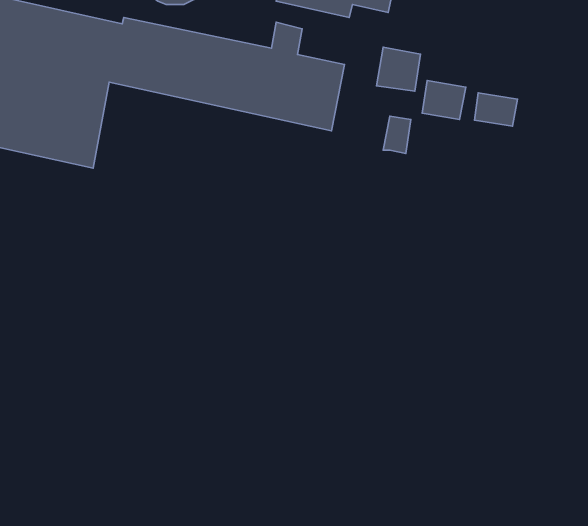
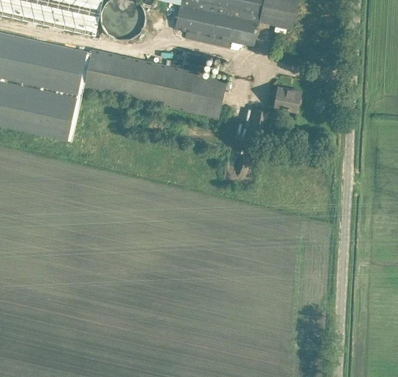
building: [377,47,421,91] -> none
building: [475,93,518,126] -> none

